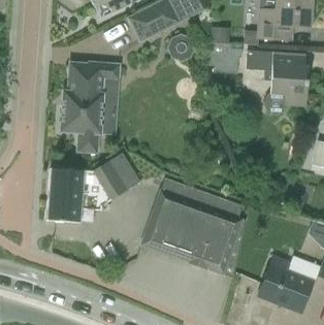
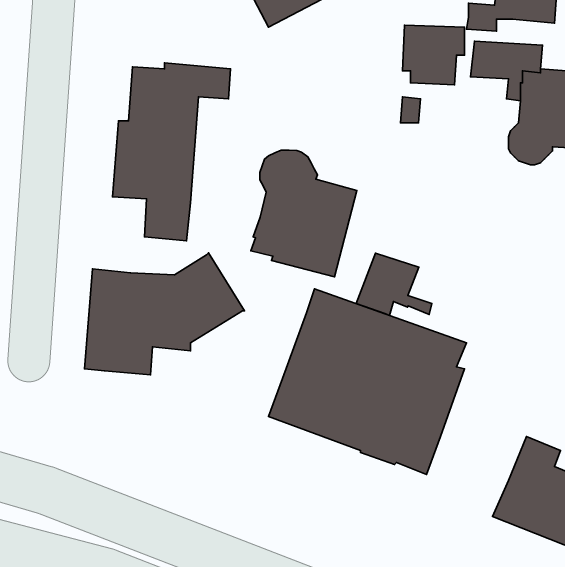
building: none -> [251,150,357,277]
building: none -> [356,253,432,315]

